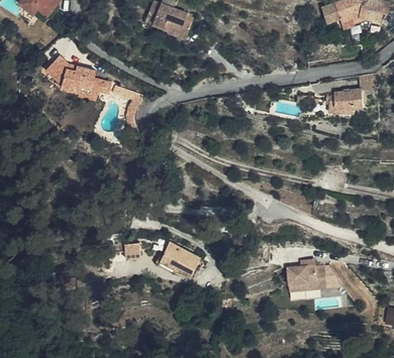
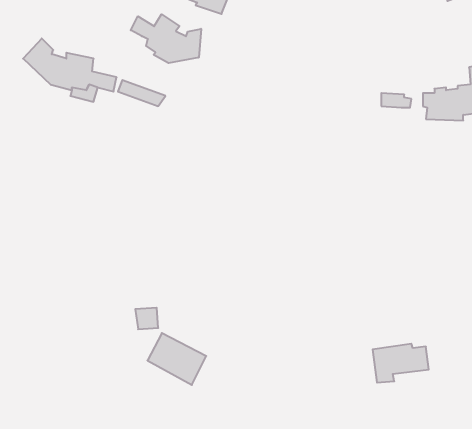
building: none -> [131,14,201,63]
building: [160,242,201,278] -> [147,333,206,385]

